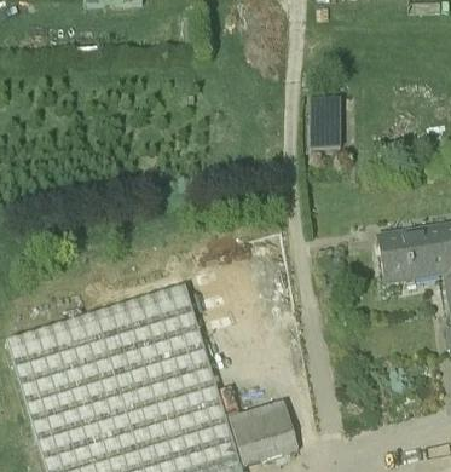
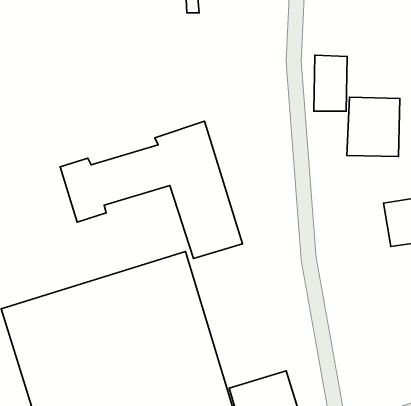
building: none -> [347,97,400,157]
building: none -> [60,121,243,258]

